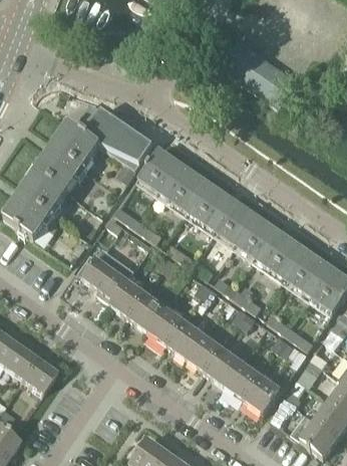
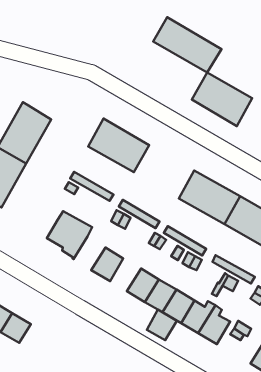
building: [73,101,150,169] -> none
building: [186,182,254,245] -> [192,72,252,126]
building: [109,279,146,317] -> none
building: [148,307,185,344] -> none
building: none -> [147,309,177,340]

